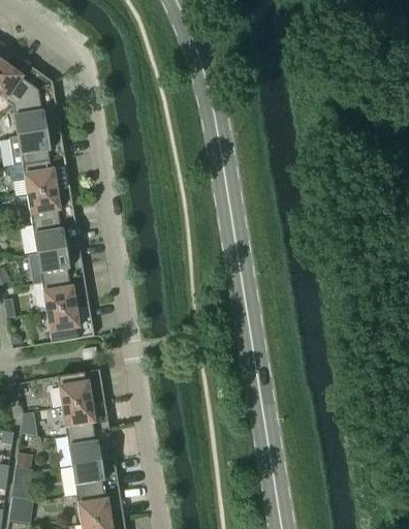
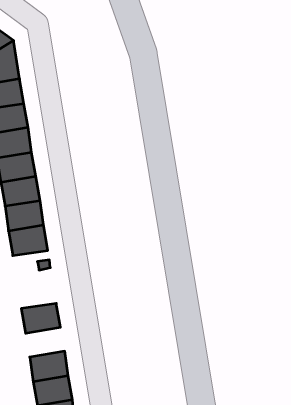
building: [56,370,103,407] -> none
building: [66,430,114,466] -> none

